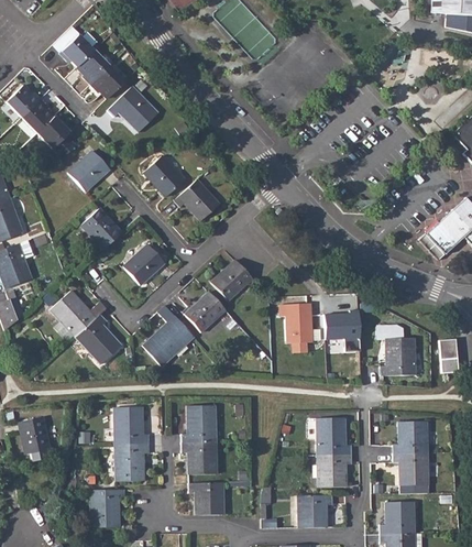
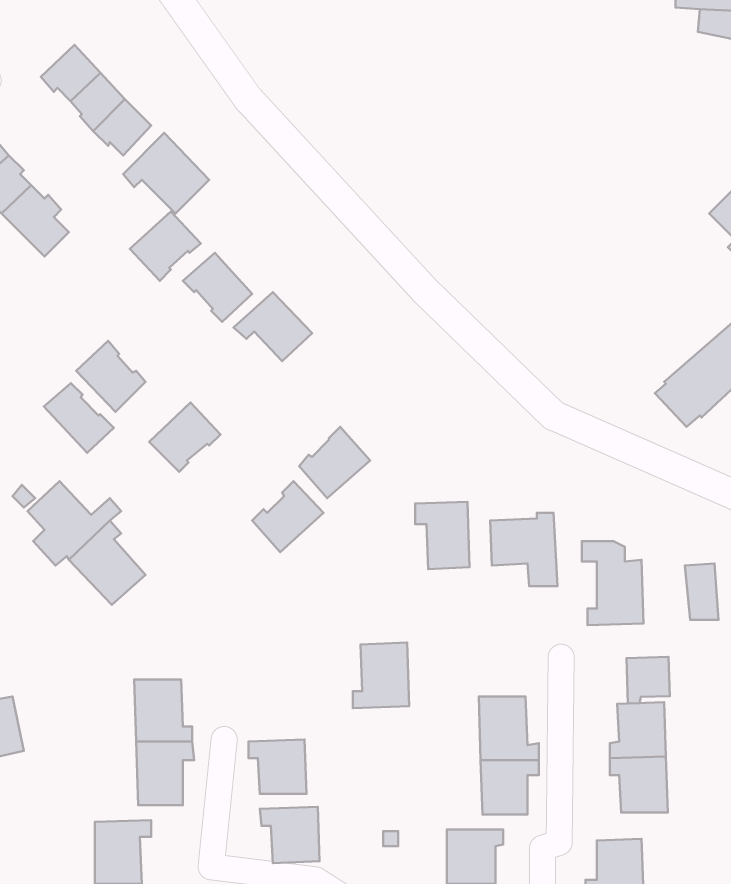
building: [68,151,110,192] -> [130,212,201,281]
building: none -> [44,383,114,453]
building: [142,305,194,367] -> none
building: none -> [627,657,670,703]
building: [182,405,215,444] -> [353,643,409,708]

